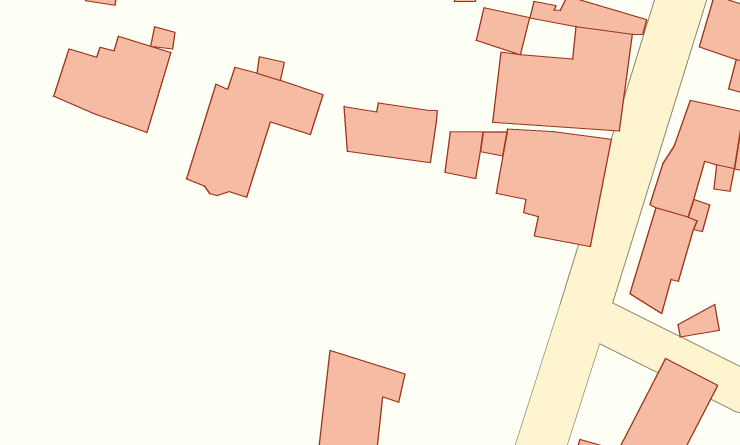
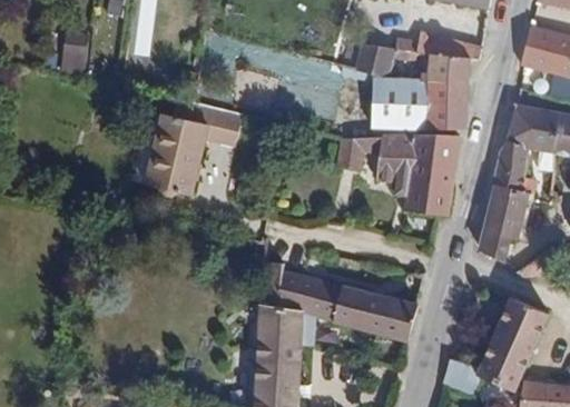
building: [53,36,171,133] -> none
building: [344,103,437,163] -> none
building: none -> [259,261,417,343]

